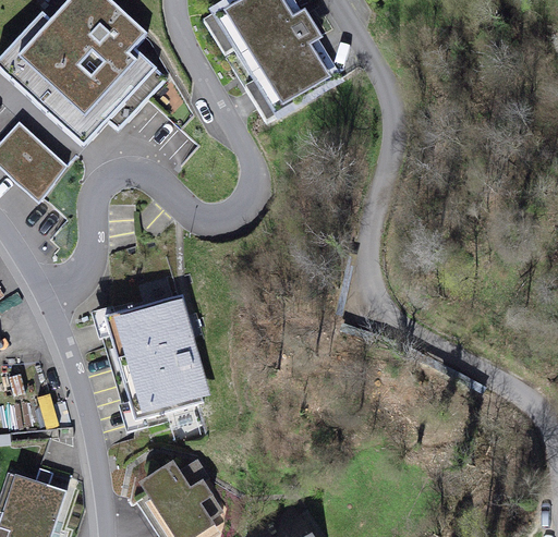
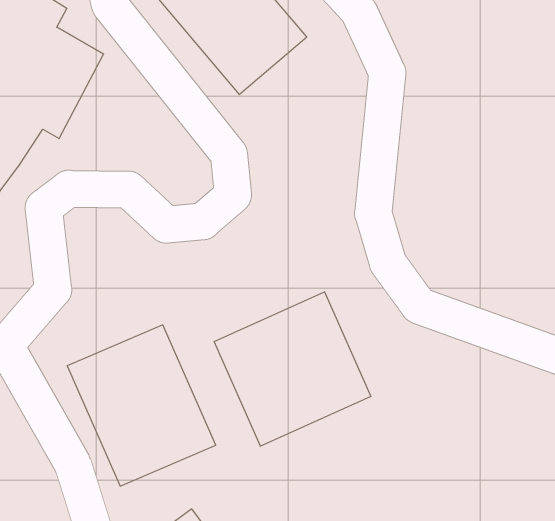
building: none -> [214,292,371,446]

